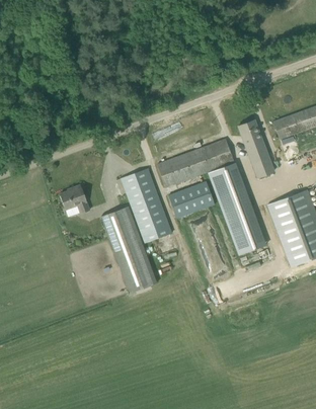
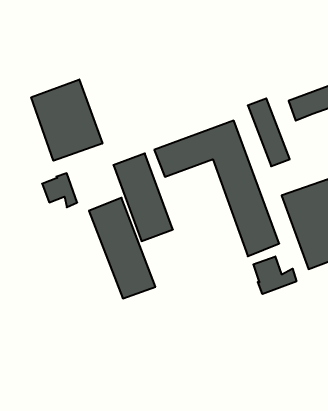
building: none -> [31,79,102,161]
building: [169,182,215,218] -> none
building: none -> [253,256,296,294]

